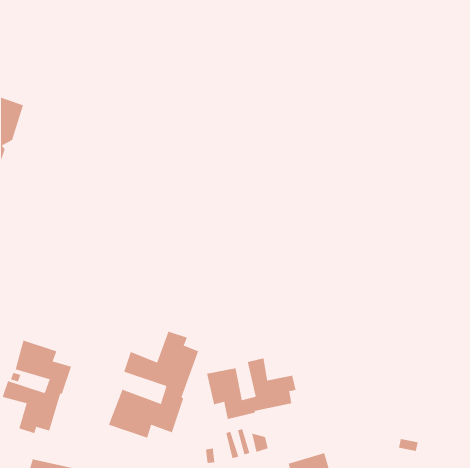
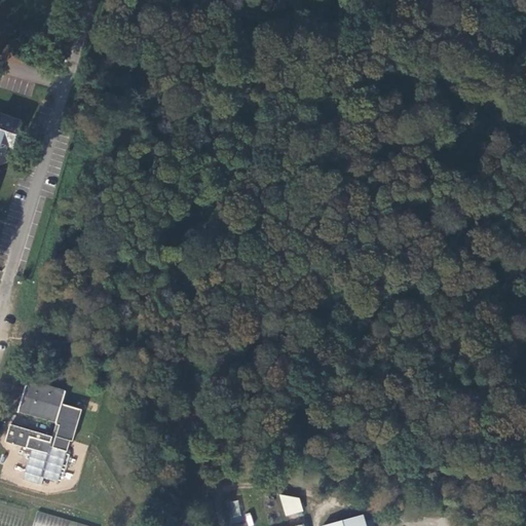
building: [108,331,199,439] -> none
building: [206,357,296,420] -> none

